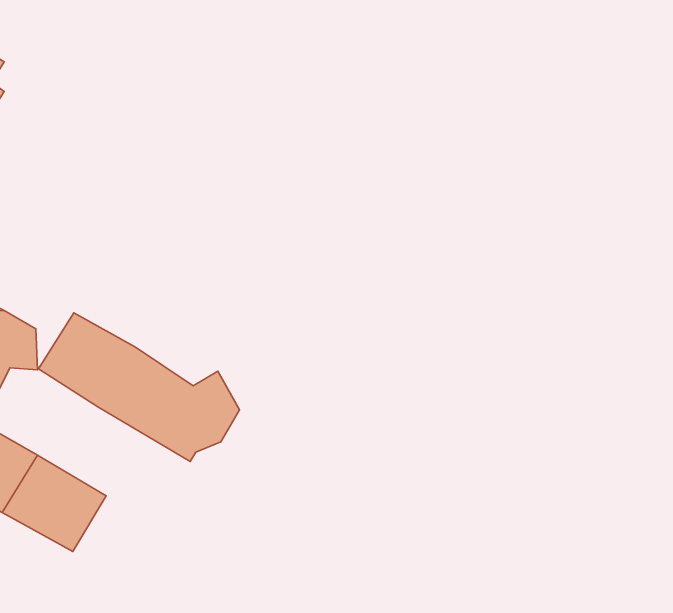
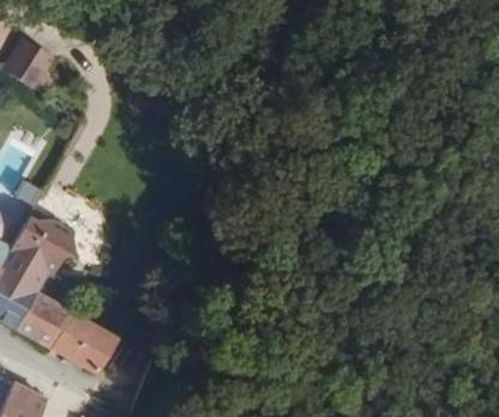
building: [39,313,240,462] -> none

